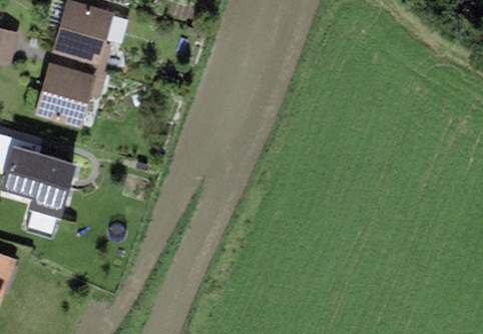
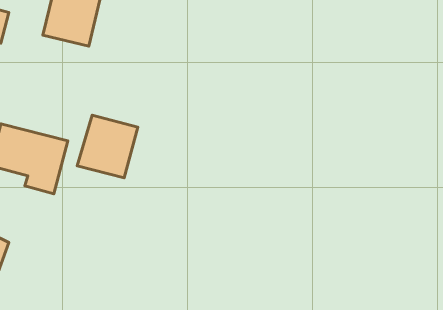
building: [34,63,95,126] -> [77,115,138,178]

